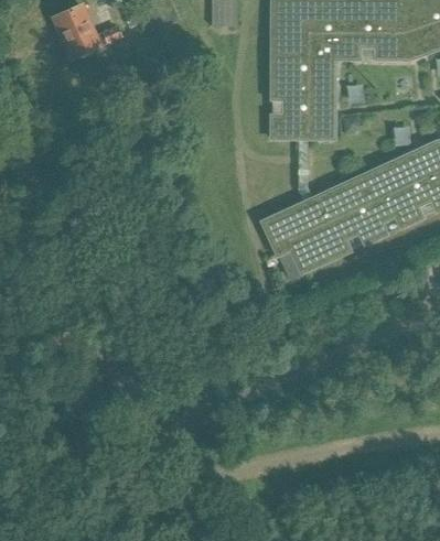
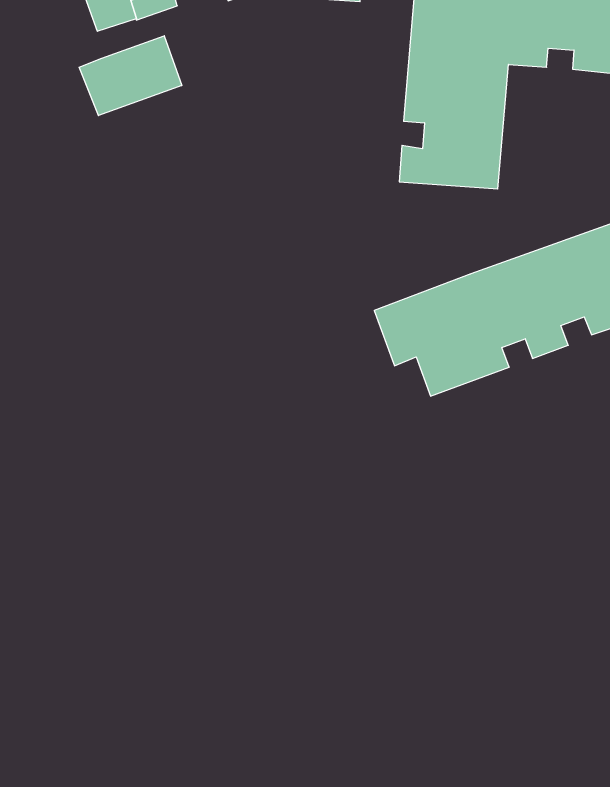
building: none -> [79,36,182,116]

